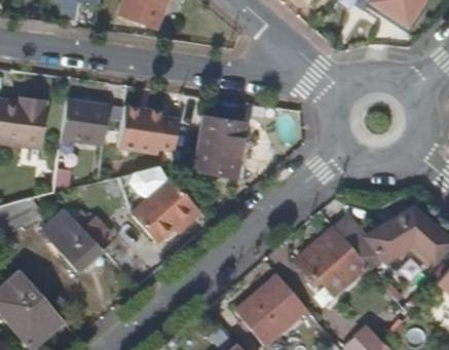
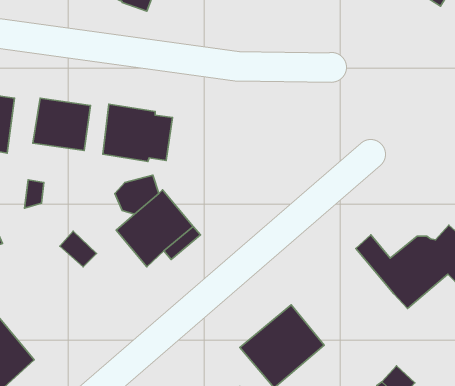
building: [195,118,244,177] -> none
building: [42,209,102,271] -> none
building: [293,227,365,294] -> none

